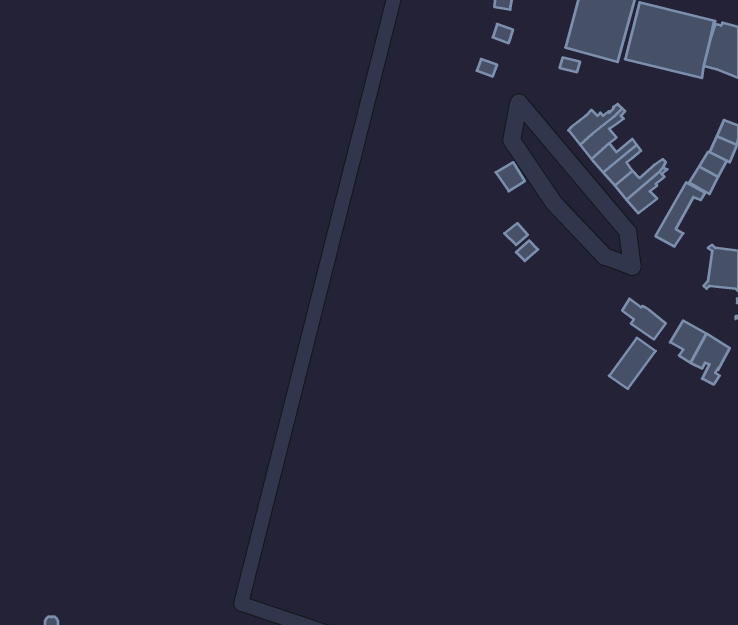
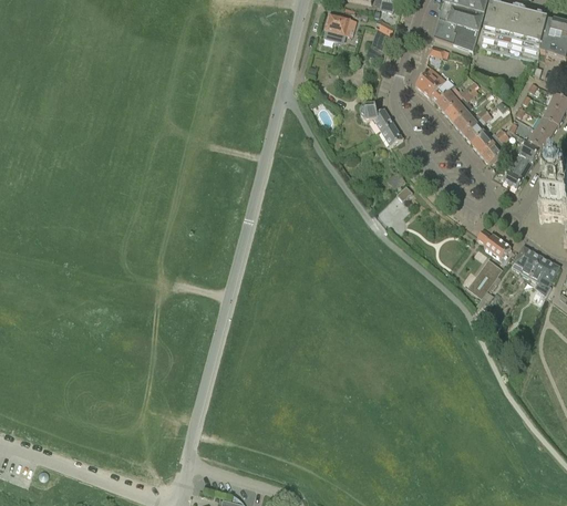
building: none -> [323,11,357,42]
building: none -> [415,65,445,97]
building: none -> [361,103,394,132]

